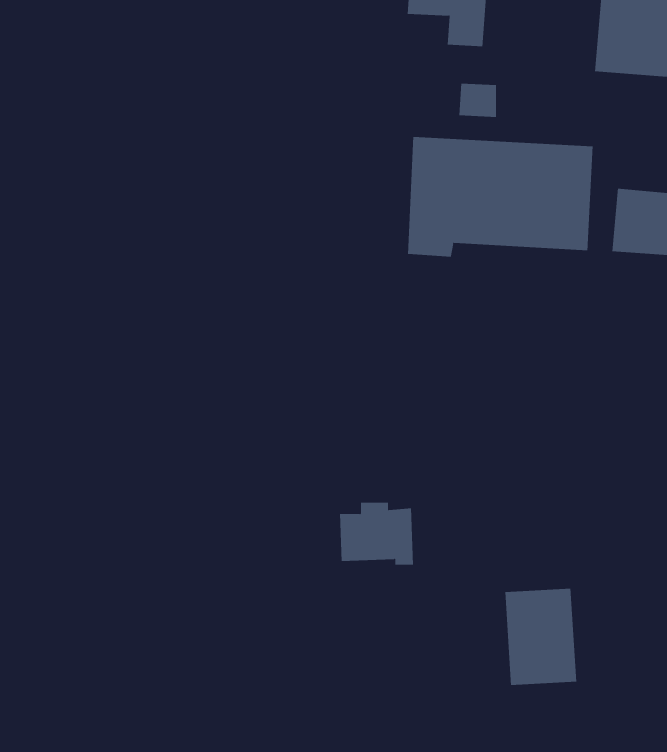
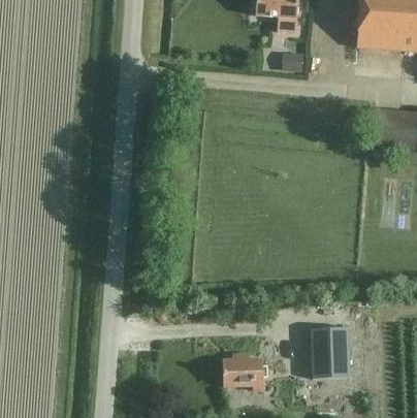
building: [407,136,593,258] -> none
building: [339,502,414,565] -> [221,354,261,388]

